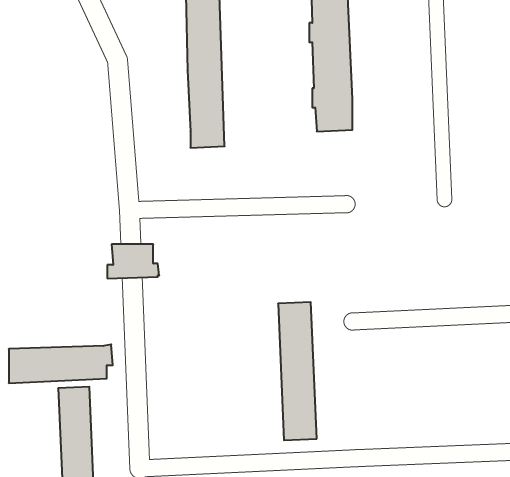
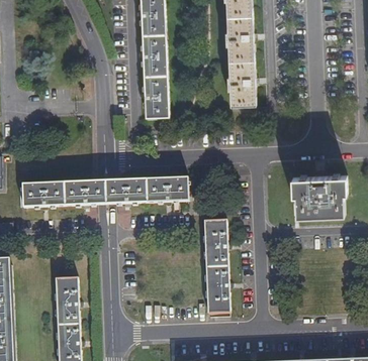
building: none -> [292,173,348,214]
building: none -> [119,176,188,202]
building: [9,344,113,383] -> [21,179,92,206]

